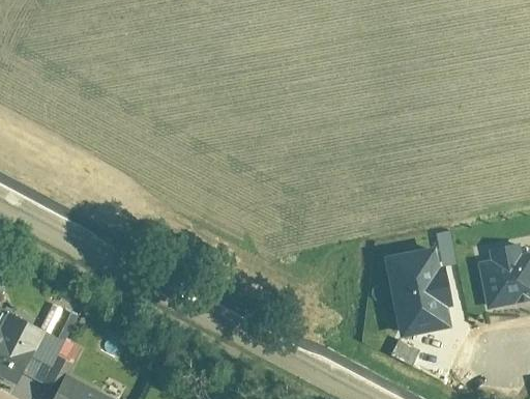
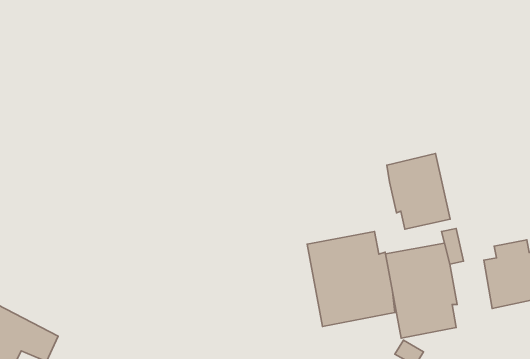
building: none -> [387,154,450,229]
building: none -> [307,232,395,327]

